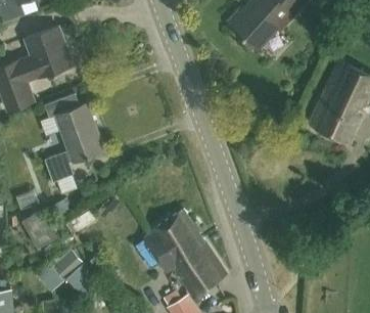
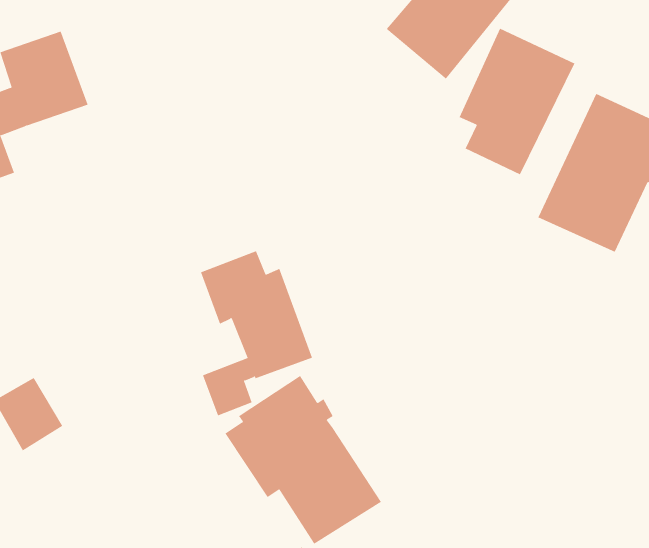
building: none -> [459,28,575,175]
building: [44,94,103,181] -> [200,251,313,416]
building: [52,252,85,283] -> none

